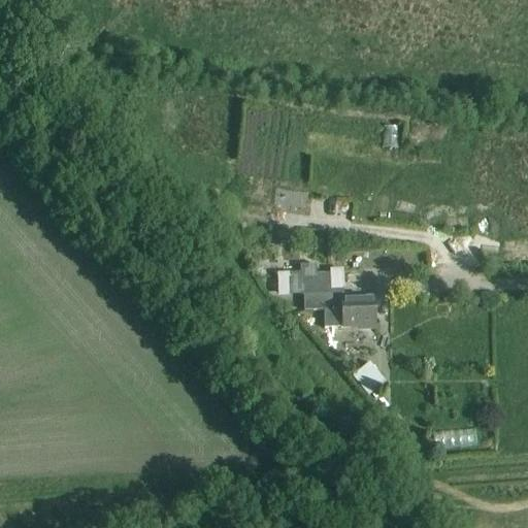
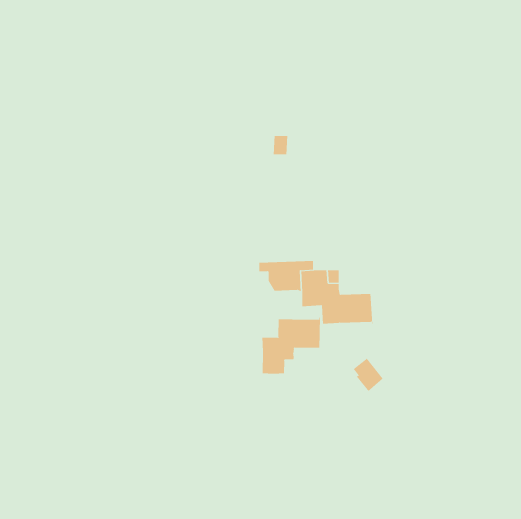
building: none -> [262,317,320,374]

